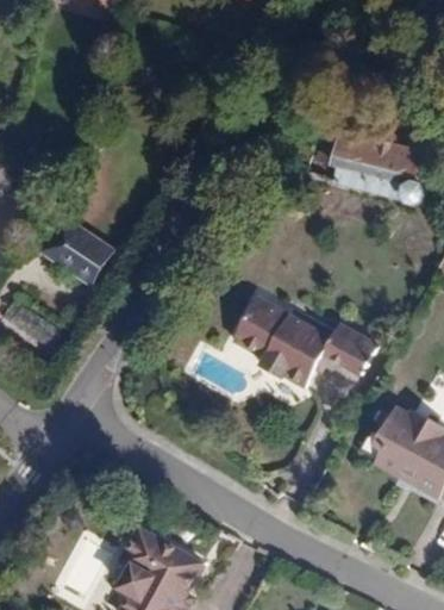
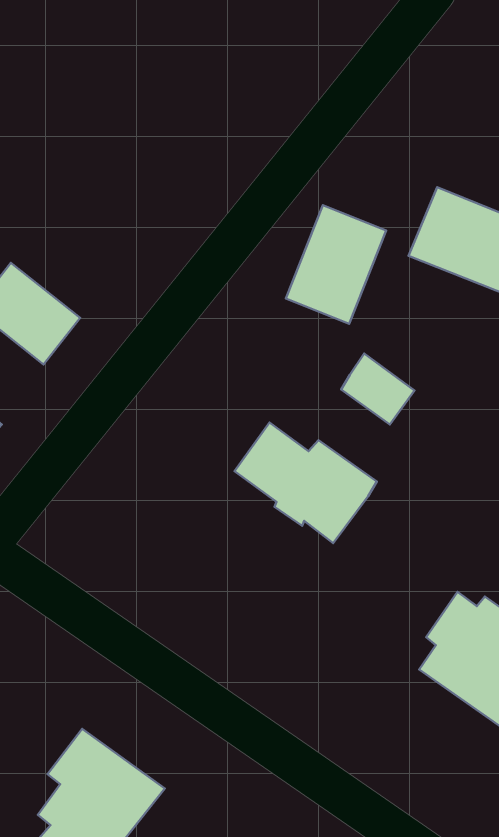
building: none -> [286,205,386,324]
building: [323,322,373,368] -> [341,354,414,425]

